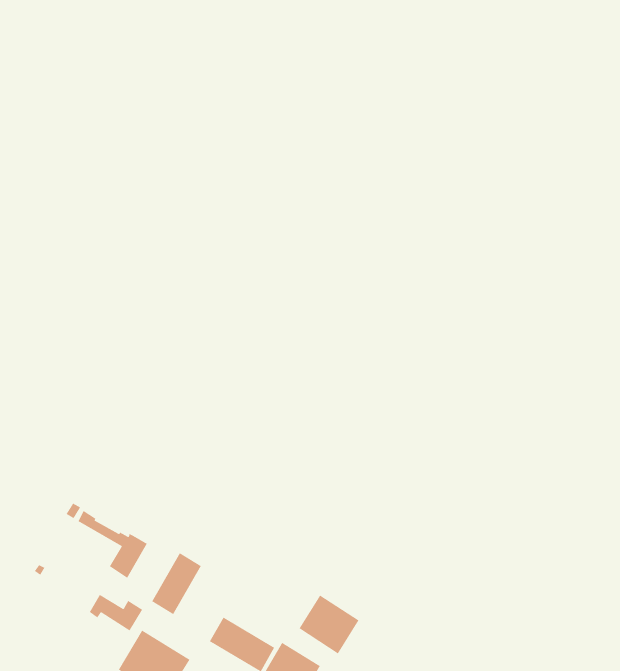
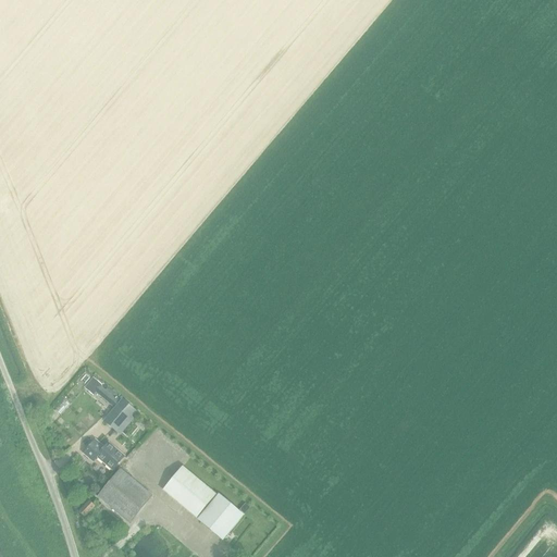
building: [151,552,202,615] -> none
building: [299,594,360,654] -> none

